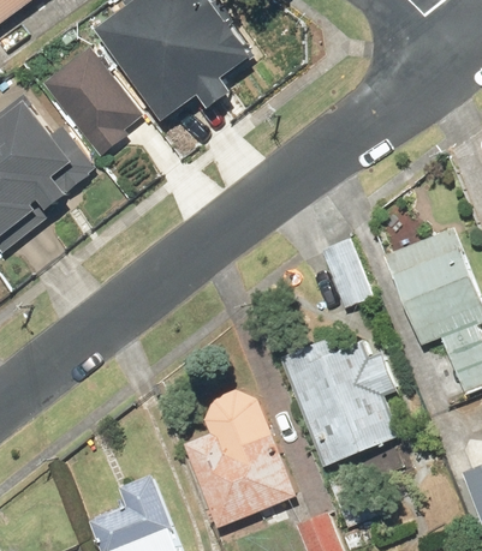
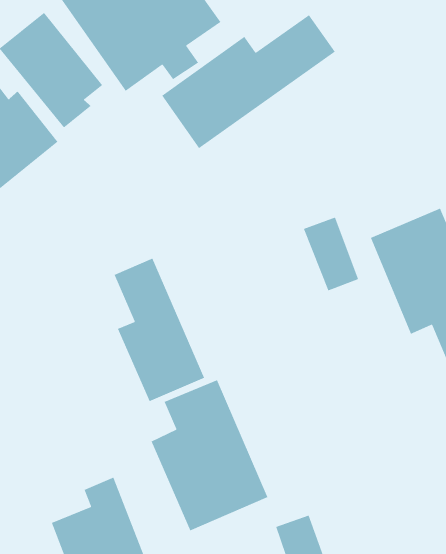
building: none -> [161,14,336,149]
building: none -> [114,258,205,402]
building: [281,328,399,466] -> none

